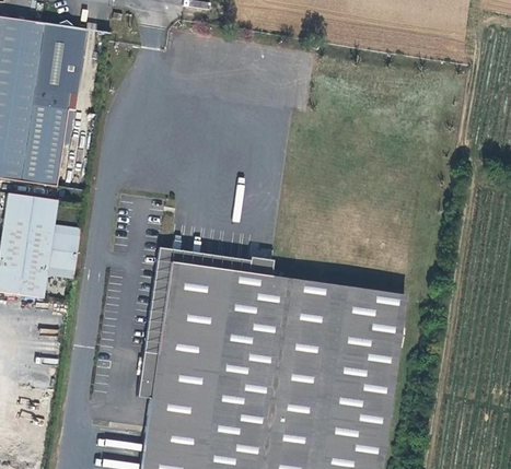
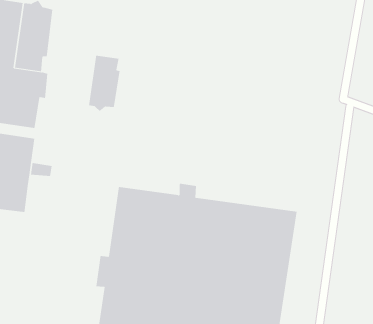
building: none -> [88,55,120,112]
building: [51,248,81,267] -> none
building: [146,248,249,355] -> none

